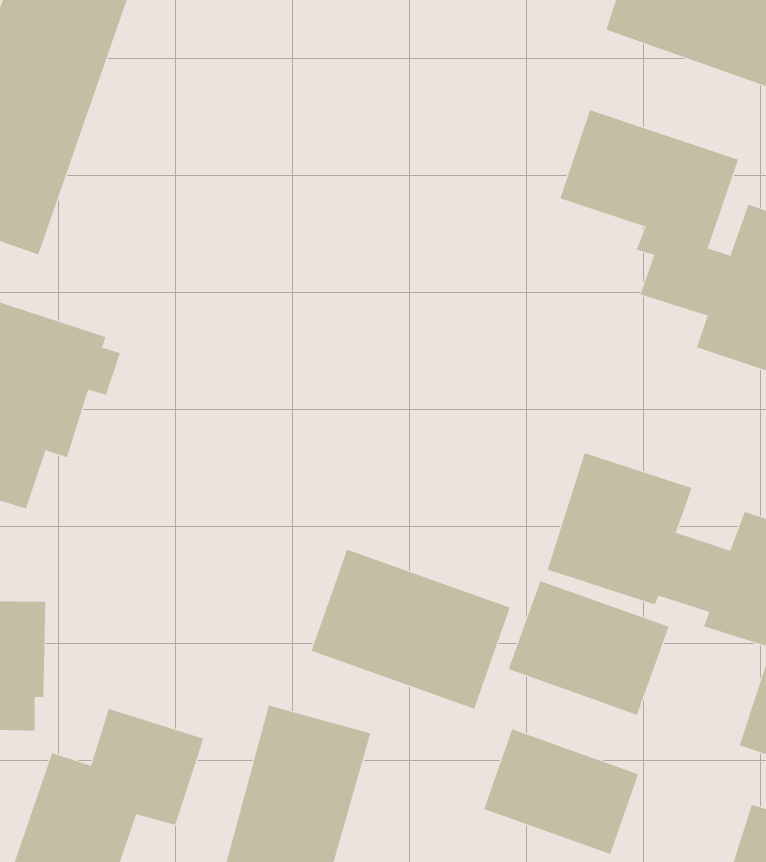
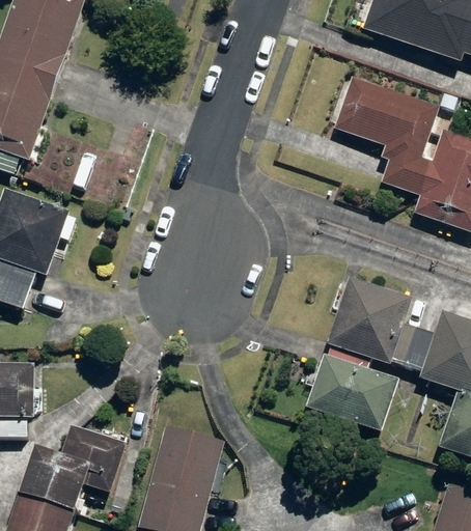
building: [311,549,510,709] -> none
building: [483,729,639,855] -> none

